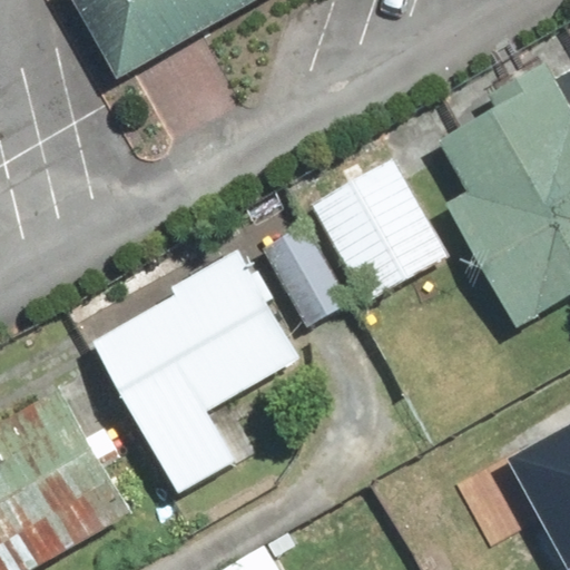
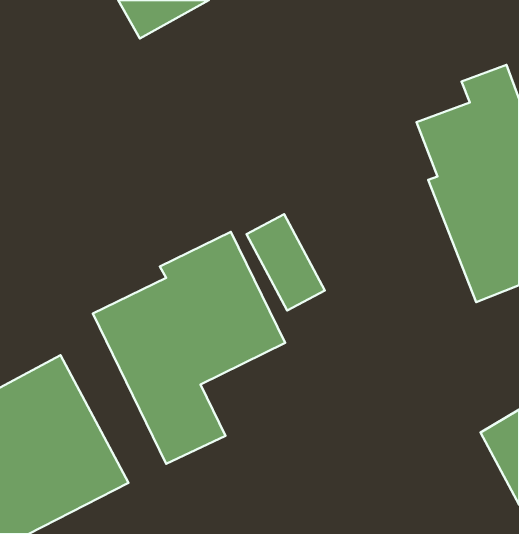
building: [298,156,446,313] -> none

